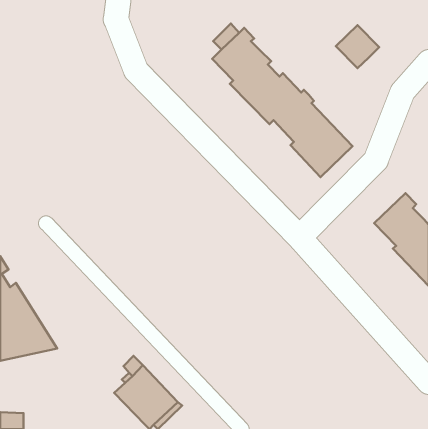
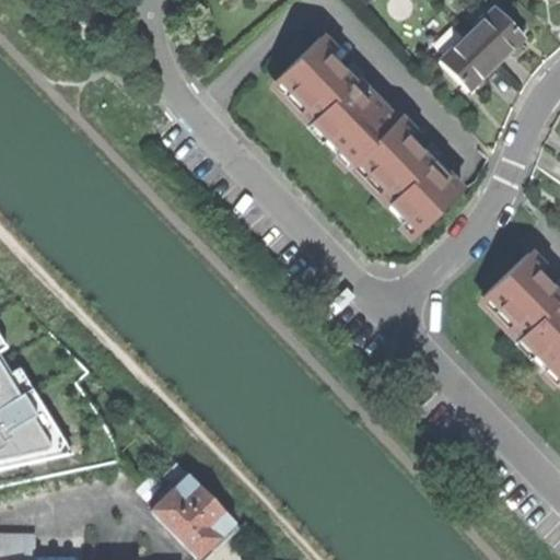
building: none -> [467,5,523,61]

